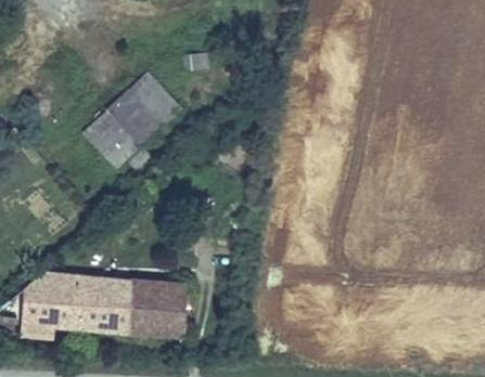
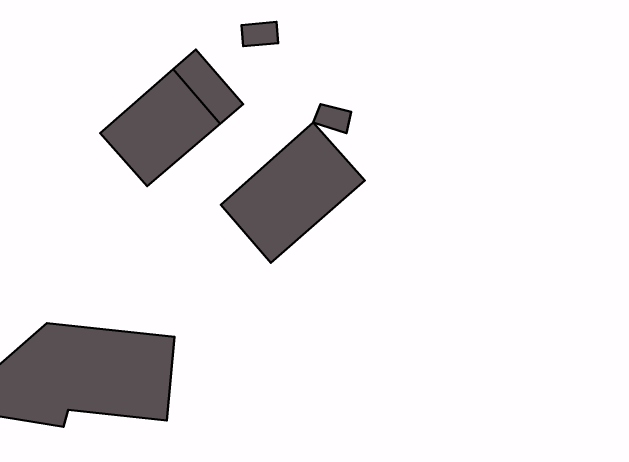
building: none -> [221,122,365,263]
building: [127,277,190,341] -> none

